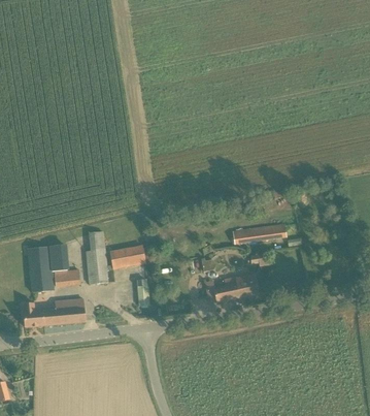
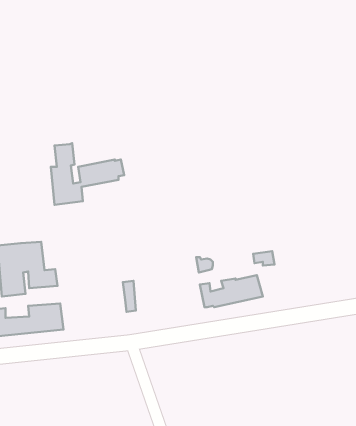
building: [232,224,284,245] -> none
building: [86,231,149,285] -> [51,143,124,205]

